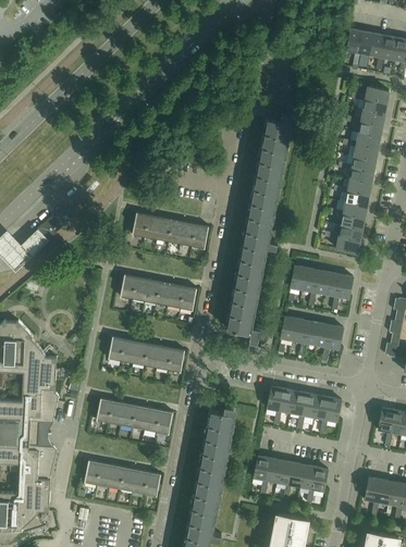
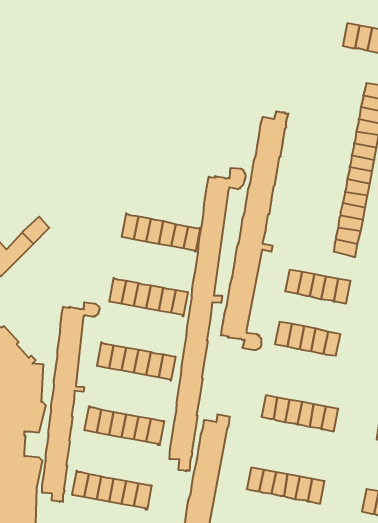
building: none -> [169,168,245,471]
building: none -> [42,302,100,502]

